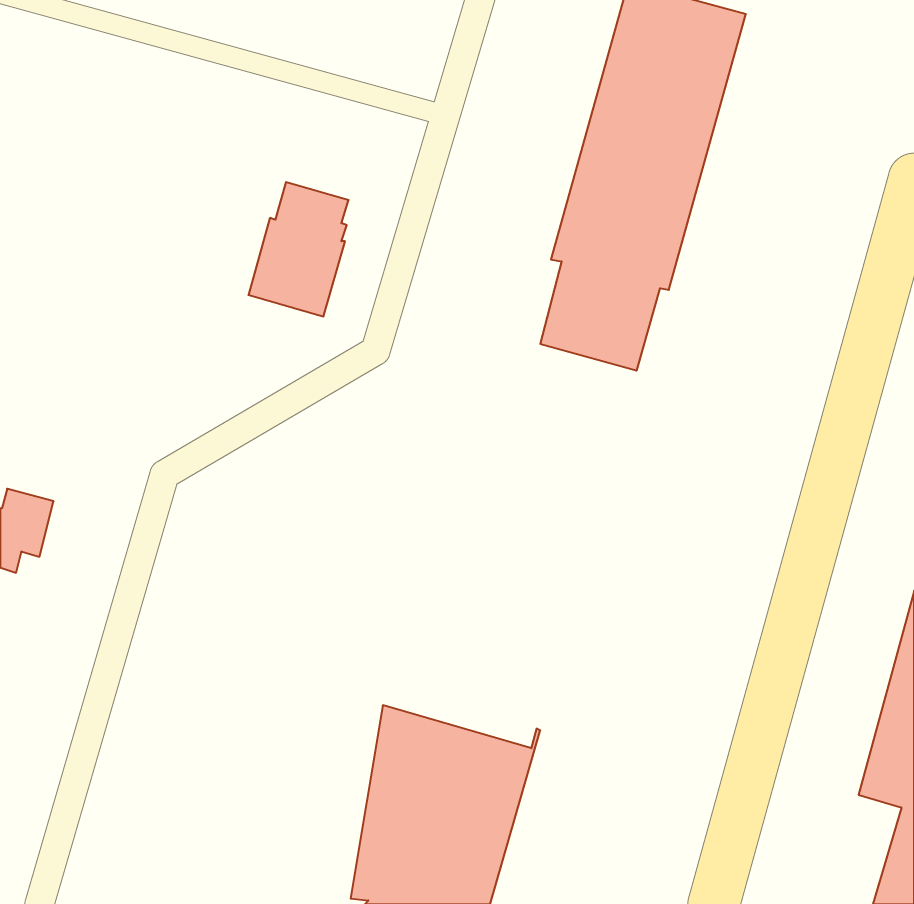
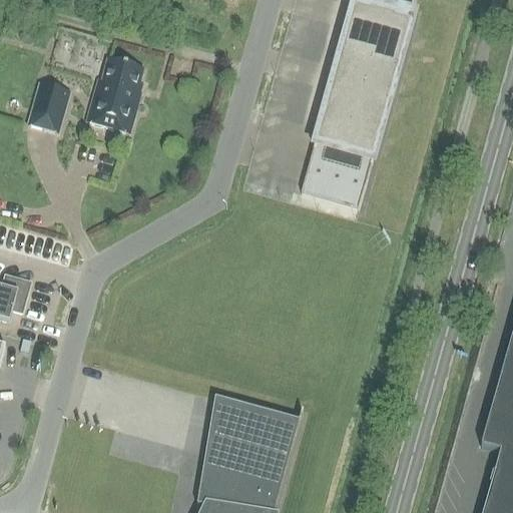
building: none -> [27,81,69,130]
building: [248,182,349,316] -> [86,56,142,131]

